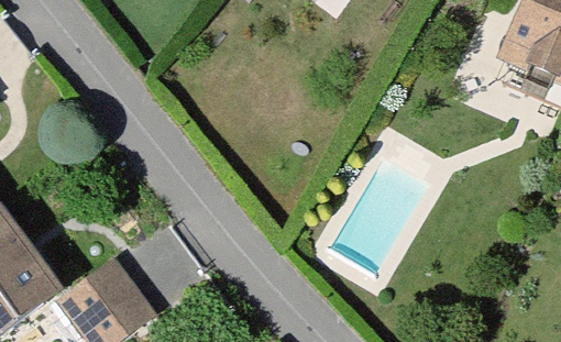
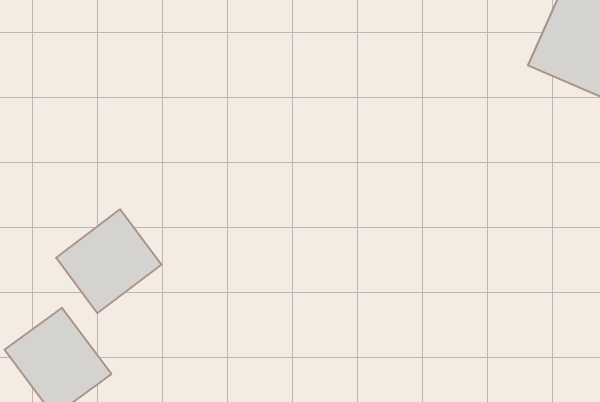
building: none -> [56,209,161,313]

